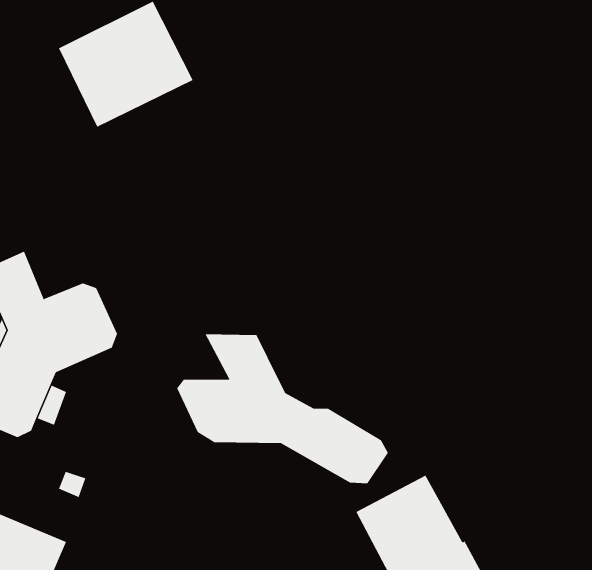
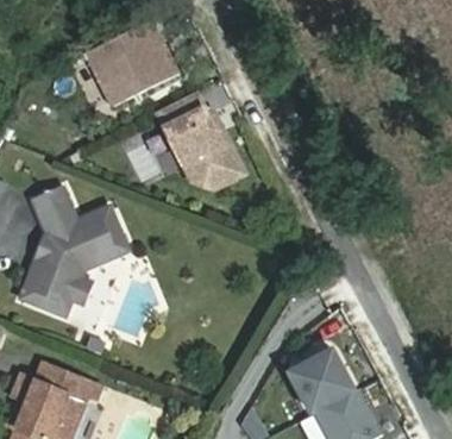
building: none -> [155,92,241,188]
building: [176,333,389,484] -> none

